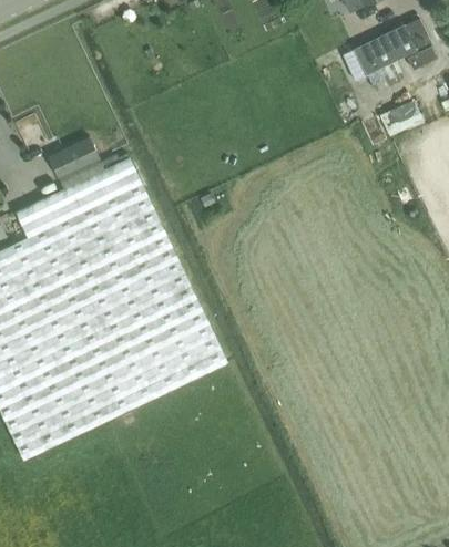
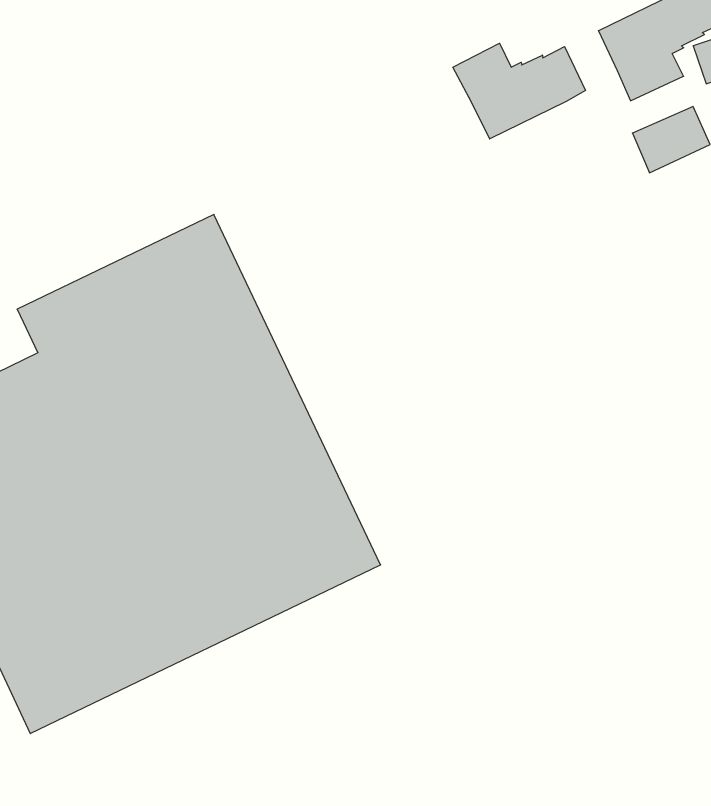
building: none -> [453,43,585,139]
building: [48,137,99,178] -> none

